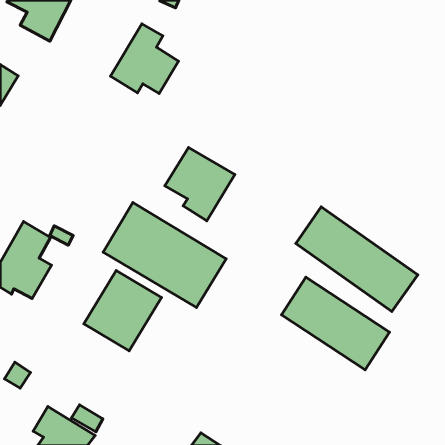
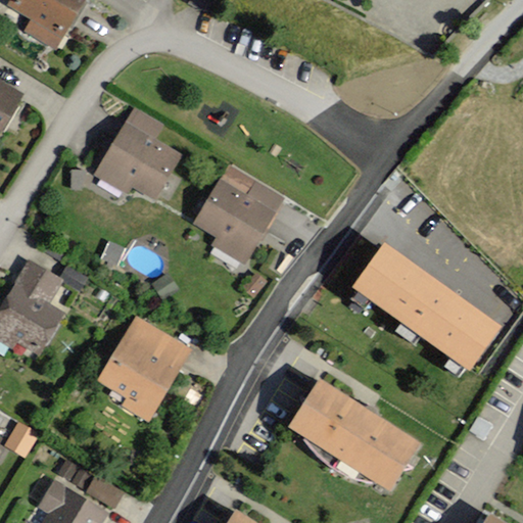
building: [110,24,178,94] -> [96,112,176,194]
building: [103,202,226,308] -> none
building: [281,277,390,370] -> [292,377,419,485]

